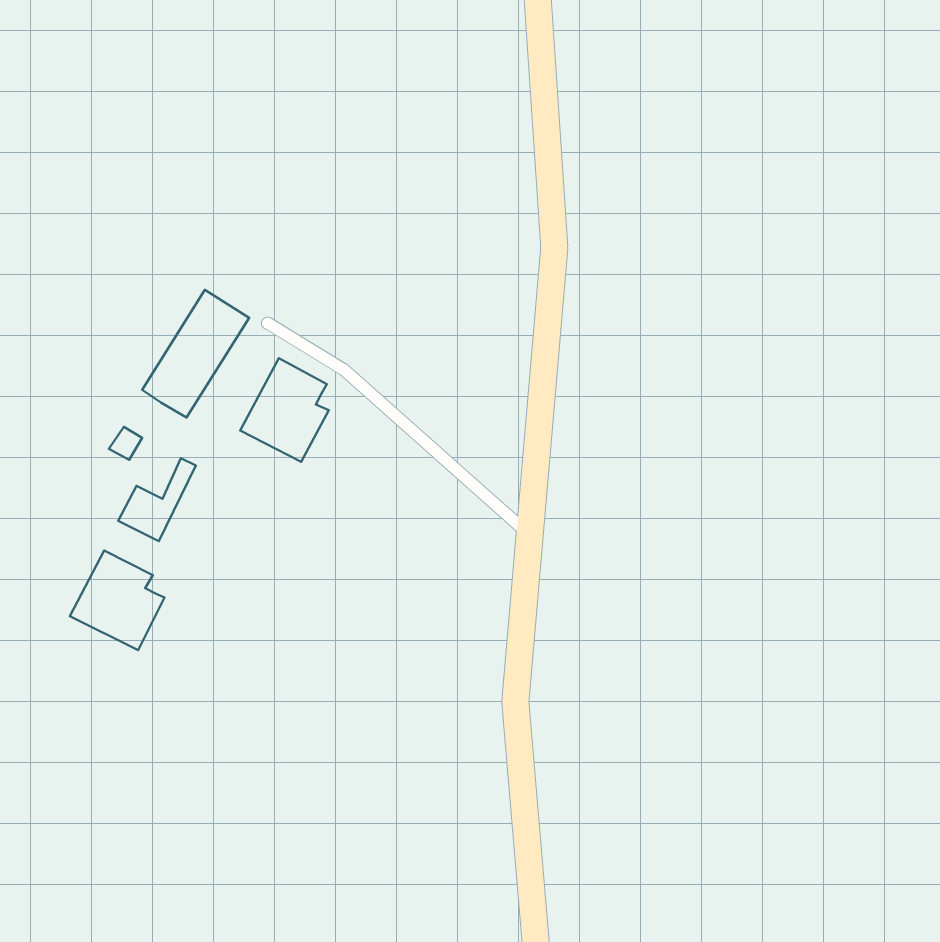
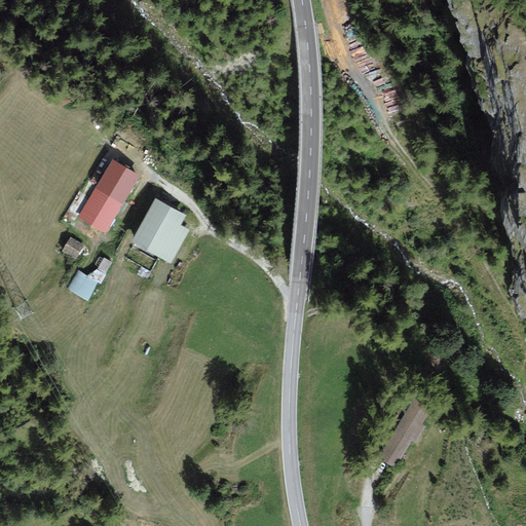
building: [70,550,165,650] -> none
building: none -> [379,400,426,464]

